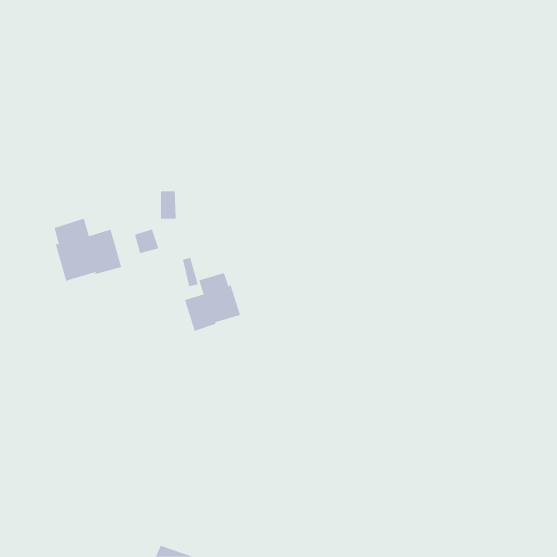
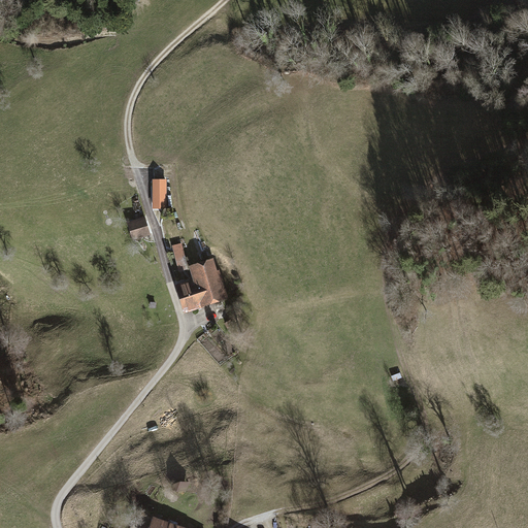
building: [54,218,122,282] -> none

